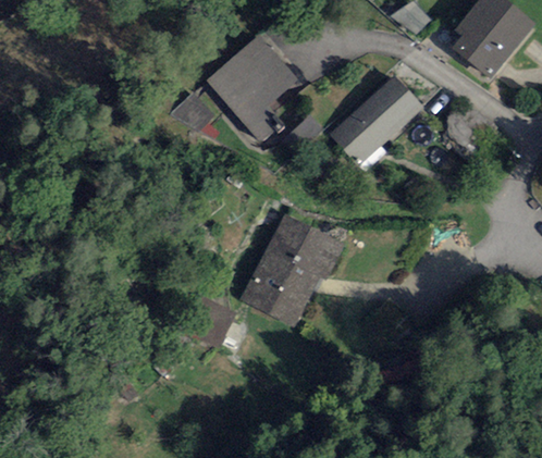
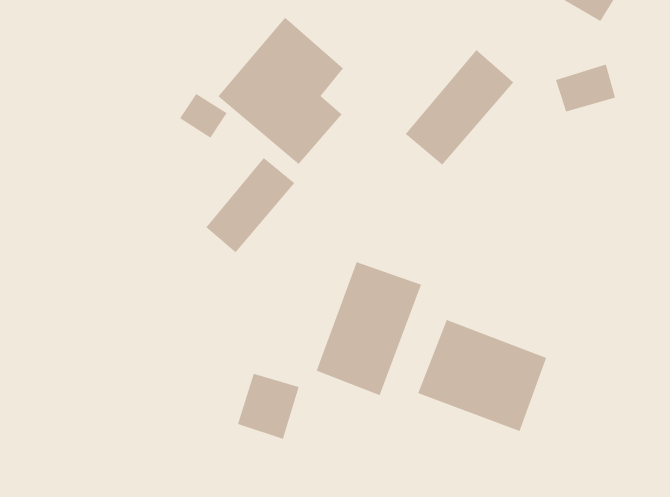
building: none -> [205,157,295,253]
building: none -> [417,319,547,432]

